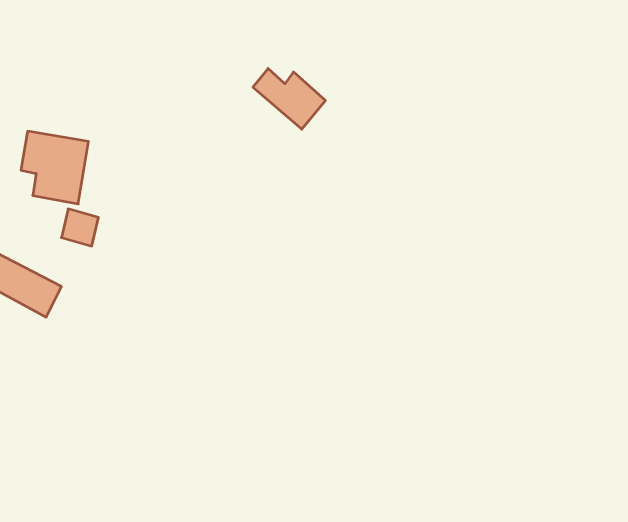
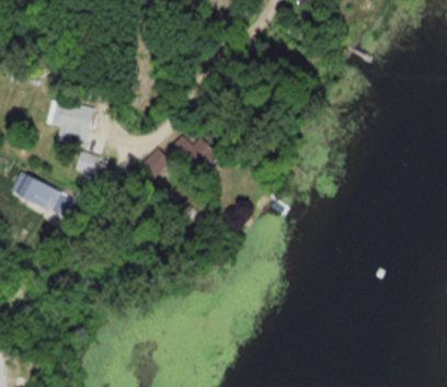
building: [253,68,325,129] -> [174,135,221,174]
building: none -> [142,148,173,181]

